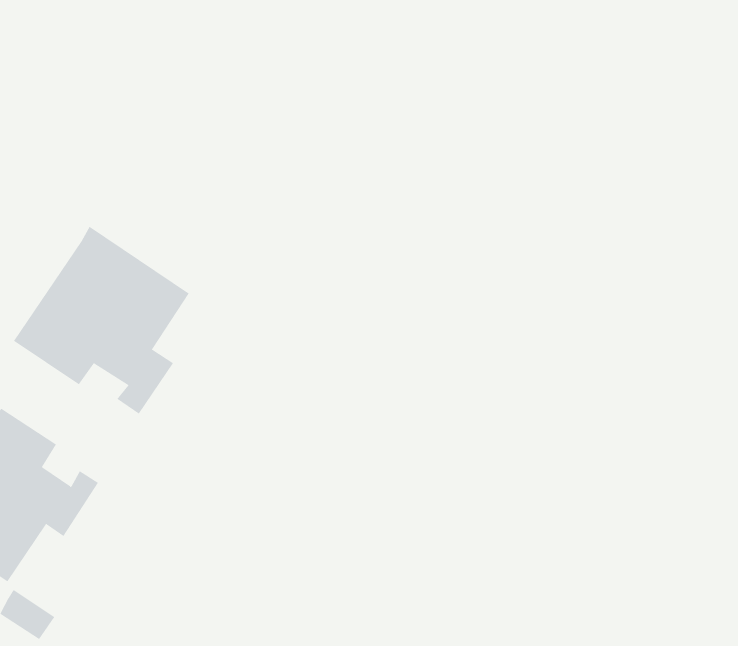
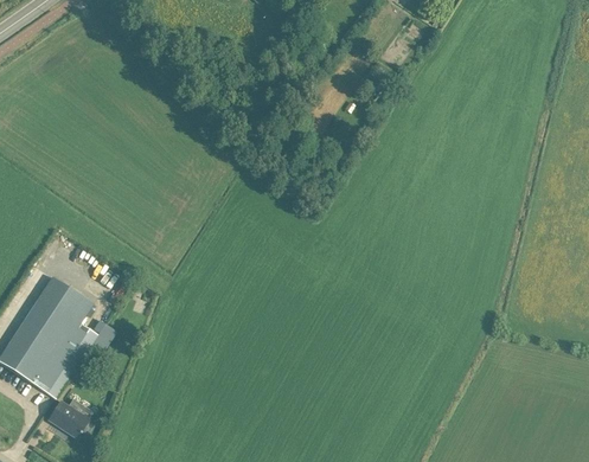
building: [13,226,190,414] -> none

